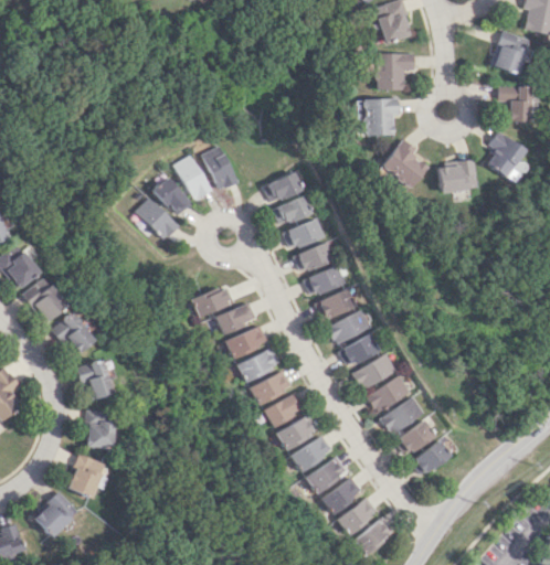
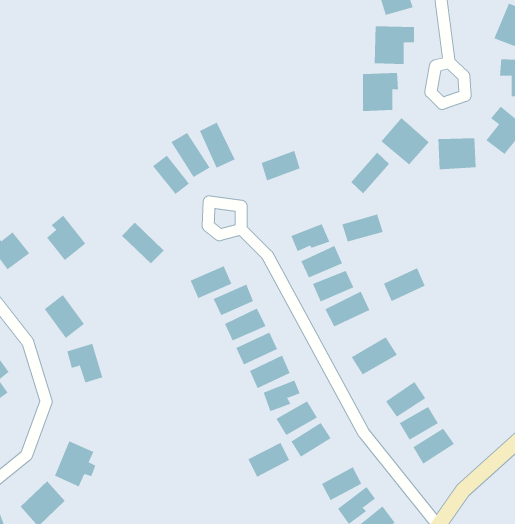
building: none -> [351,152,390,194]
building: [273,195,313,226] -> none
building: [141,199,183,239] -> [121,222,165,264]
building: [283,221,324,248] -> [341,214,384,242]
building: [29,278,67,322] -> [46,215,86,261]
building: [338,334,379,367] -> [383,268,425,302]
building: [366,376,410,412] -> none
building: [84,409,112,448] -> none
building: [307,458,348,492] -> [248,442,290,477]

